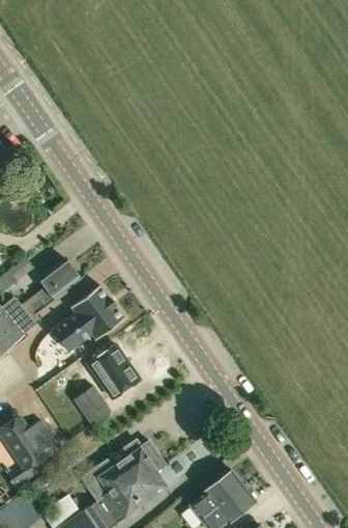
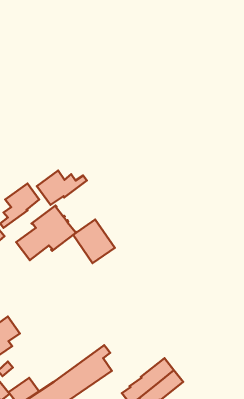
building: none -> [37,171,87,205]
building: [88,344,139,397] -> [73,220,115,263]
building: [74,385,112,425] -> none
building: [82,441,158,500] -> none

